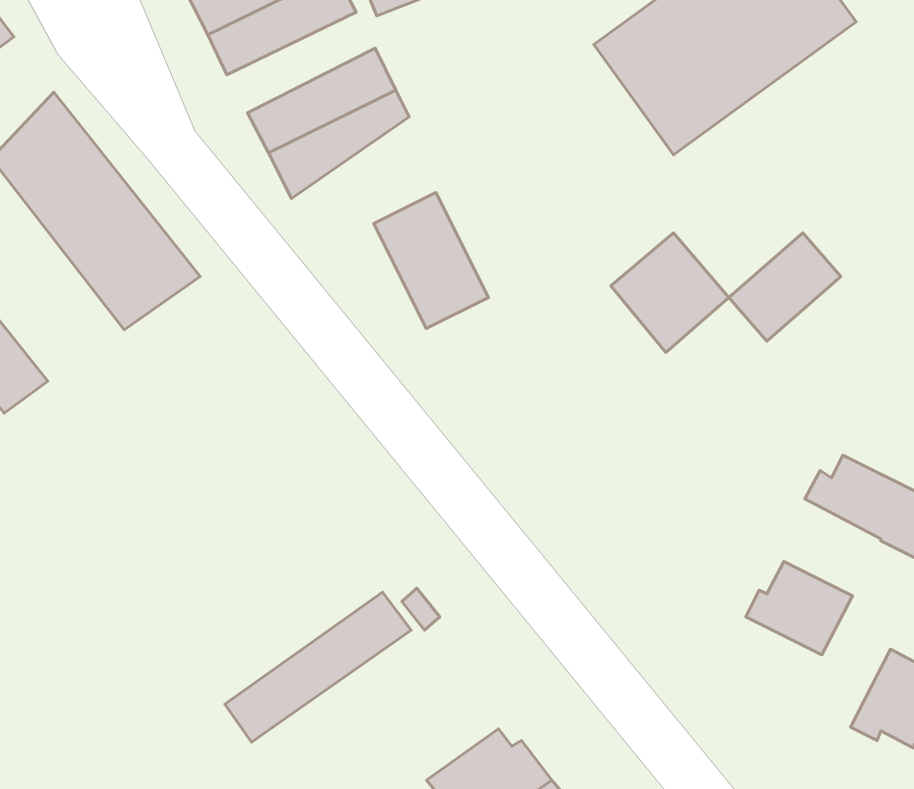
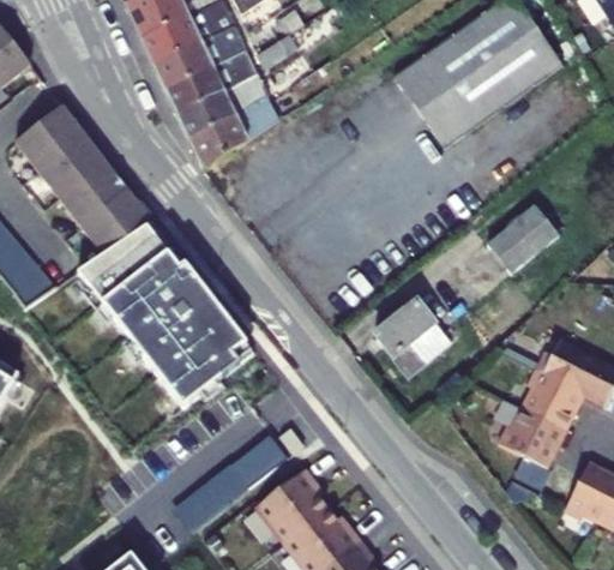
building: none -> [168,59,261,122]
building: [374,192,488,329] -> none
building: [611,233,729,352] -> [375,296,450,372]
building: none -> [78,226,264,413]
building: none -> [519,366,580,427]
building: none -> [265,473,339,544]

